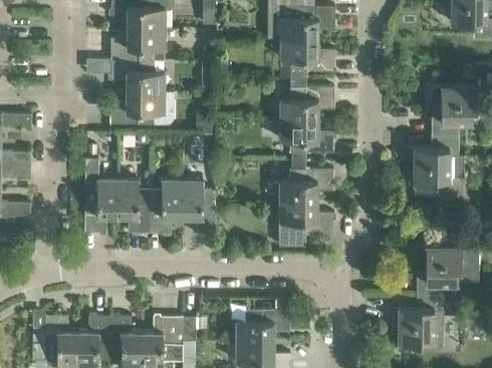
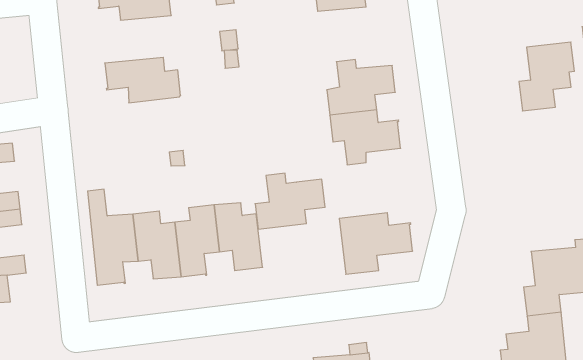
building: [110,28,167,61] -> none
building: [281,39,335,80] -> none
building: [109,92,175,125] -> none
building: [414,135,467,197] -> none
building: [279,161,333,203] -> [255,173,325,229]

